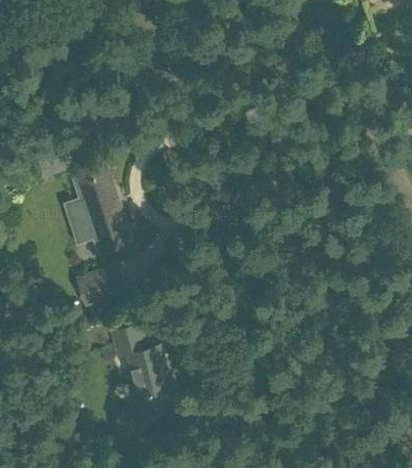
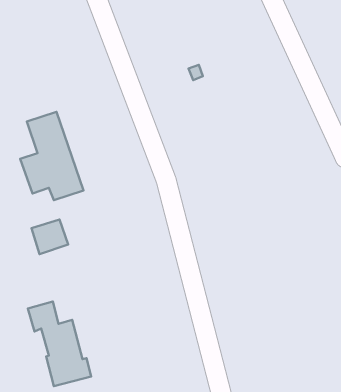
building: [112,323,180,413] -> [28,302,91,386]

